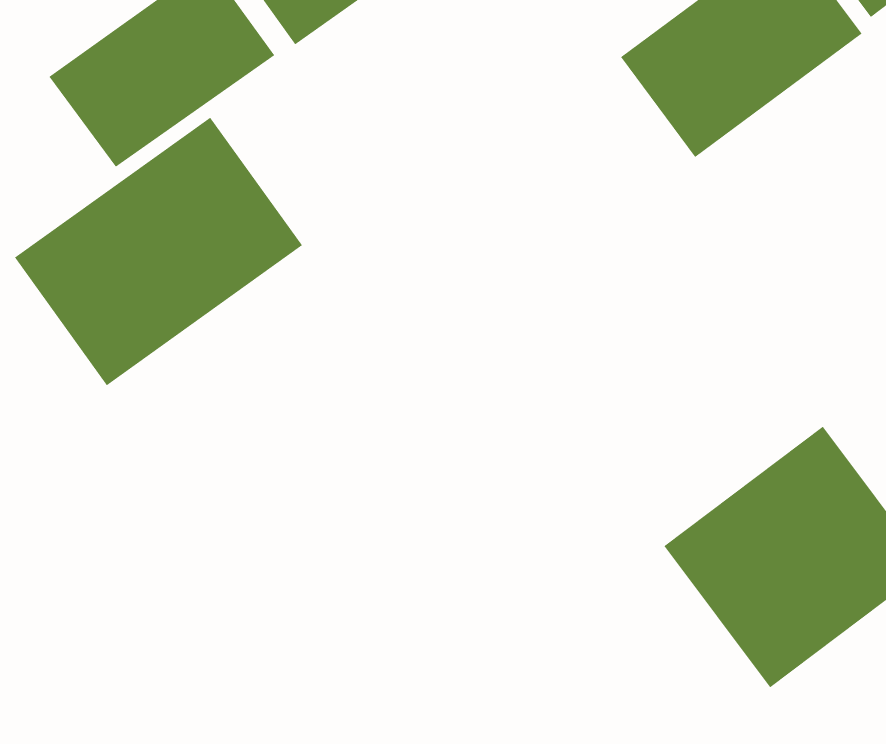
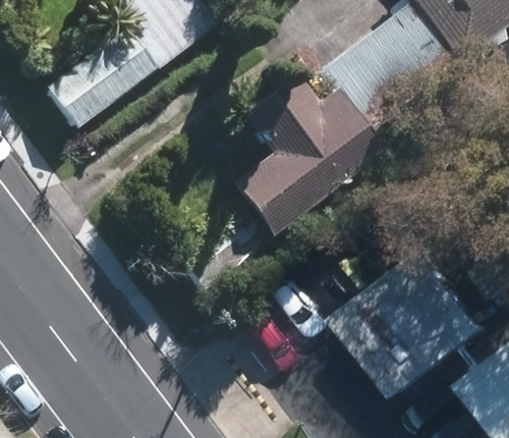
building: none -> [240,81,374,205]
building: [14,117,303,386] -> none

